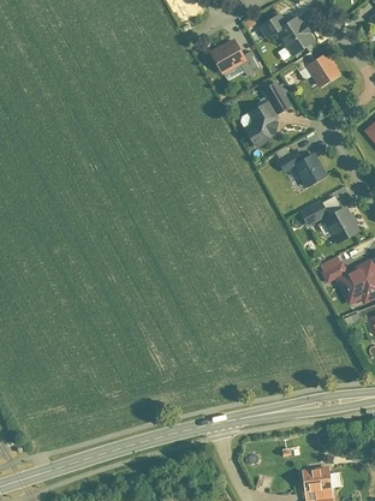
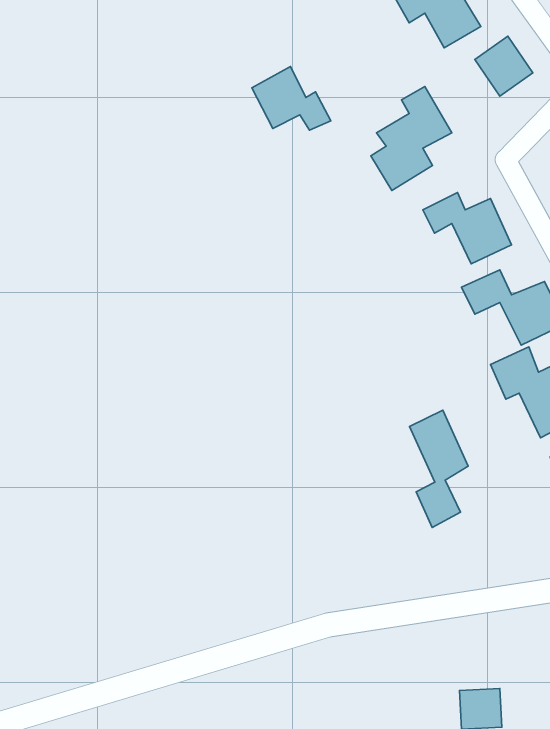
building: [212,37,261,77] -> [252,67,331,130]
building: none -> [410,410,468,527]

